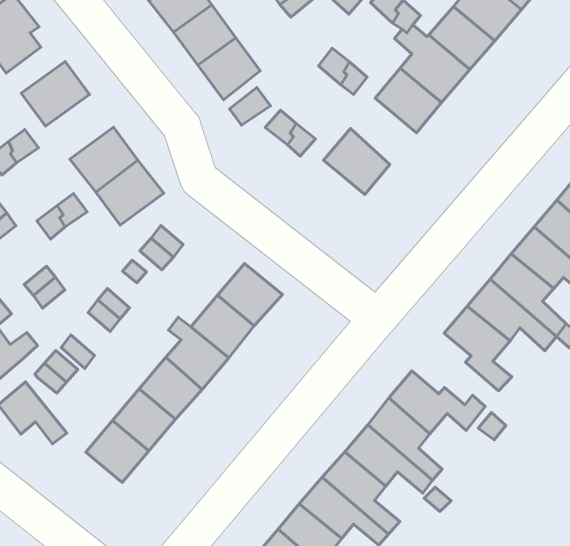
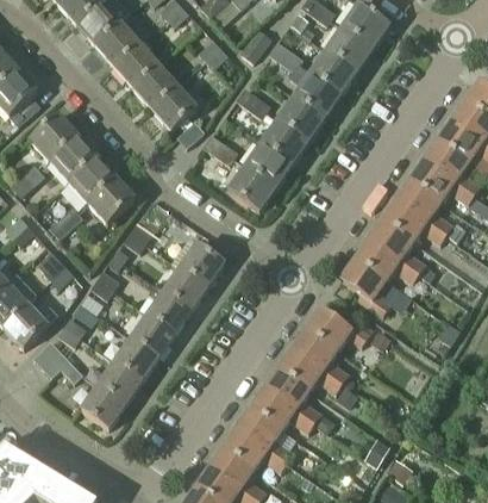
building: none -> [49,135,96,181]
building: none -> [262,119,308,164]
building: none -> [229,166,276,211]
building: none -> [81,385,125,428]

